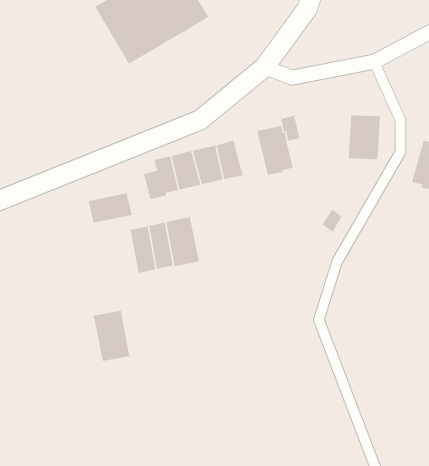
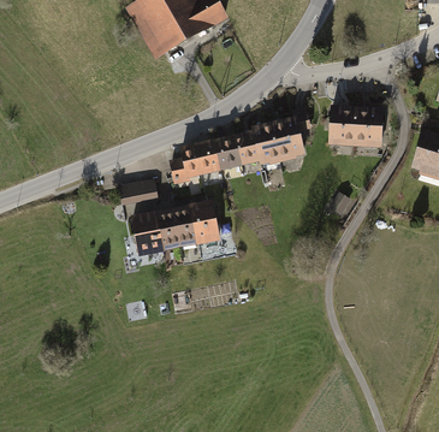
building: none -> [327,106,356,147]
building: none -> [250,122,280,166]
building: [93,310,131,362] -> [129,211,164,258]

